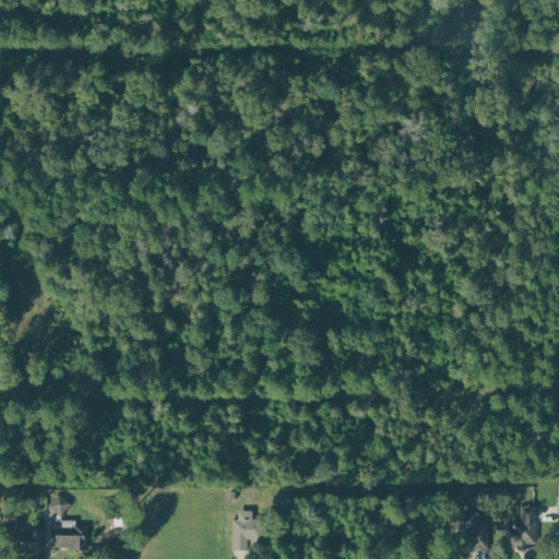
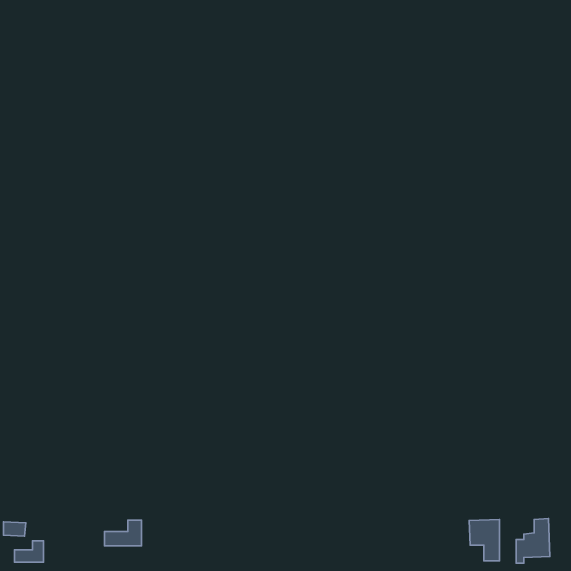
building: [233,511,260,551] -> none
building: [51,525,87,550] -> [104,520,141,546]

